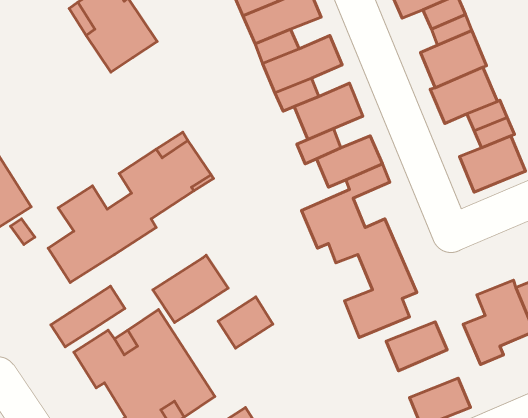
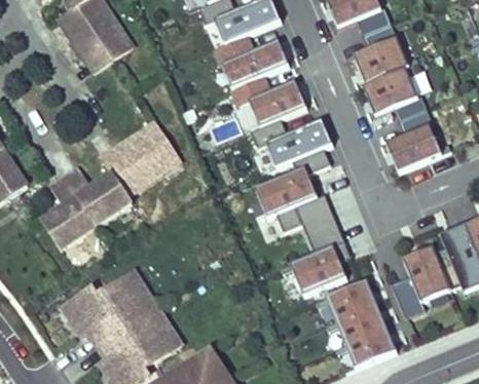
building: [153,255,228,323] -> none
building: [51,286,125,347] -> none
building: [218,297,273,348] -> none
building: none -> [335,303,385,343]

